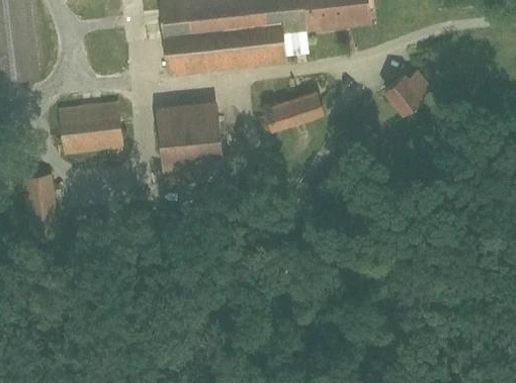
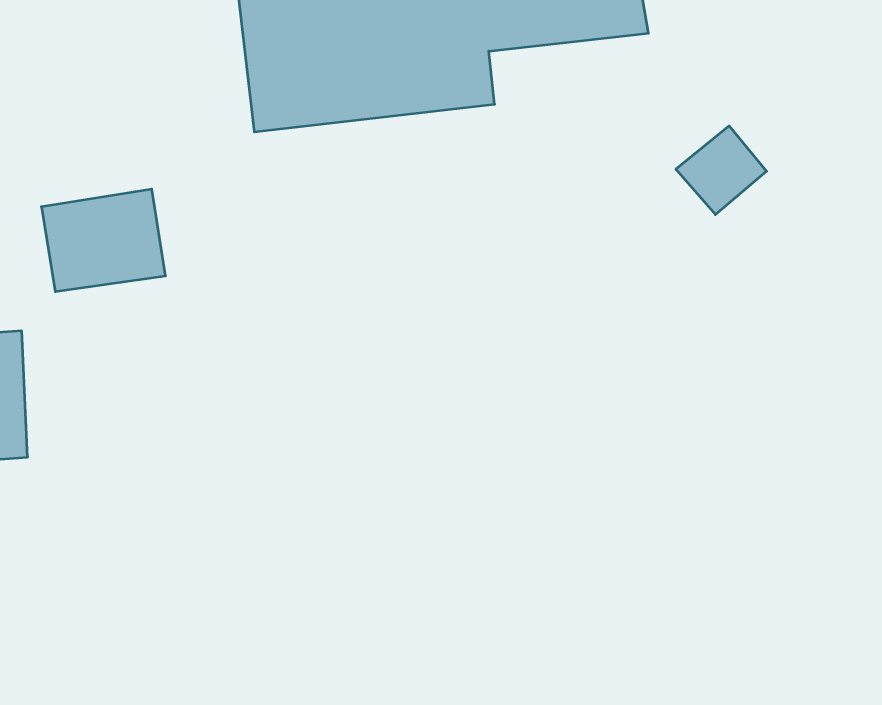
building: [265,92,323,131] -> none
building: [157,100,224,161] -> none

